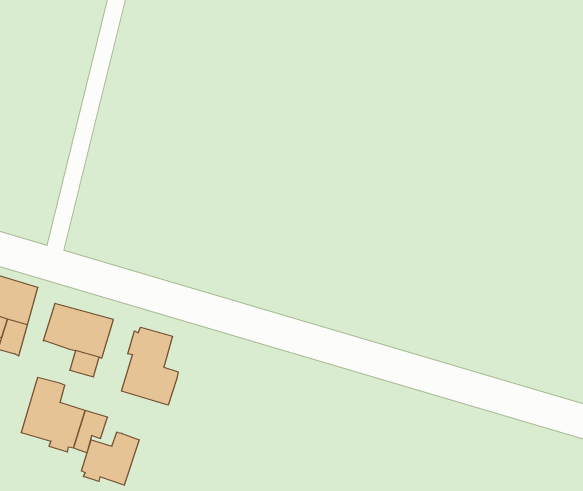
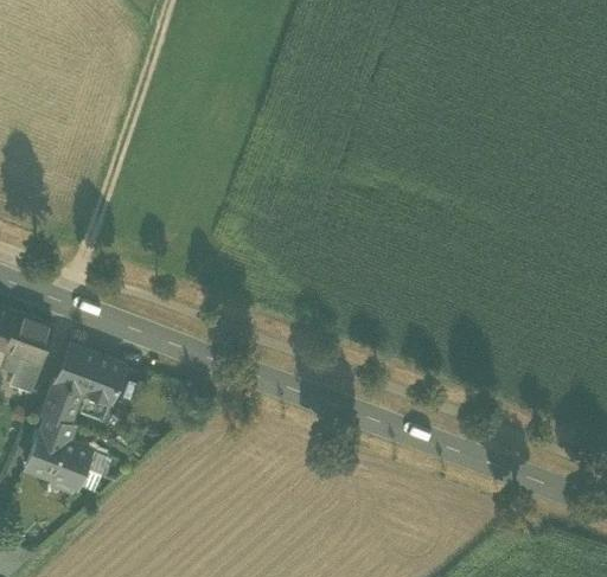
building: [122,327,178,405] -> none
building: none -> [41,380,81,423]
building: [81,432,139,485] -> none

